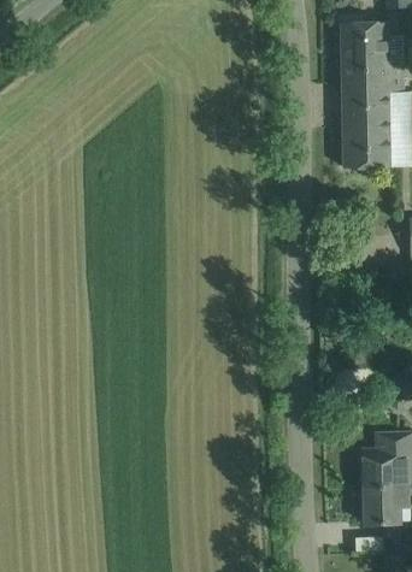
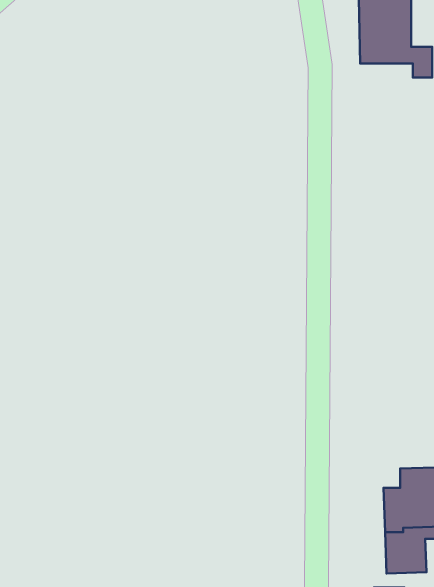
building: [342,79,390,167] -> none

